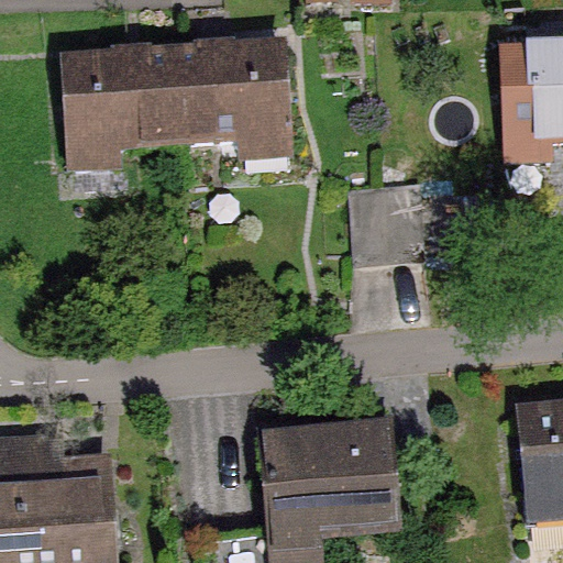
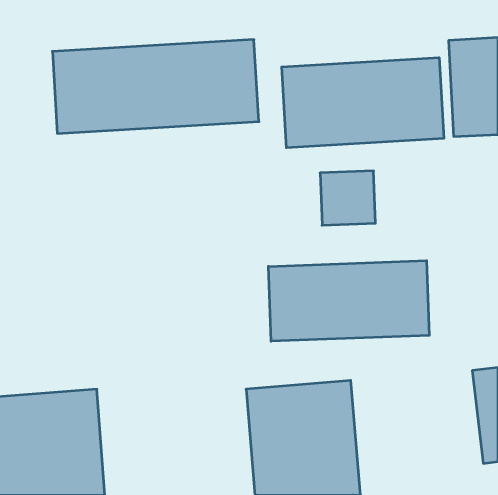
building: none -> [282,58,444,148]
building: none -> [268,261,429,341]

